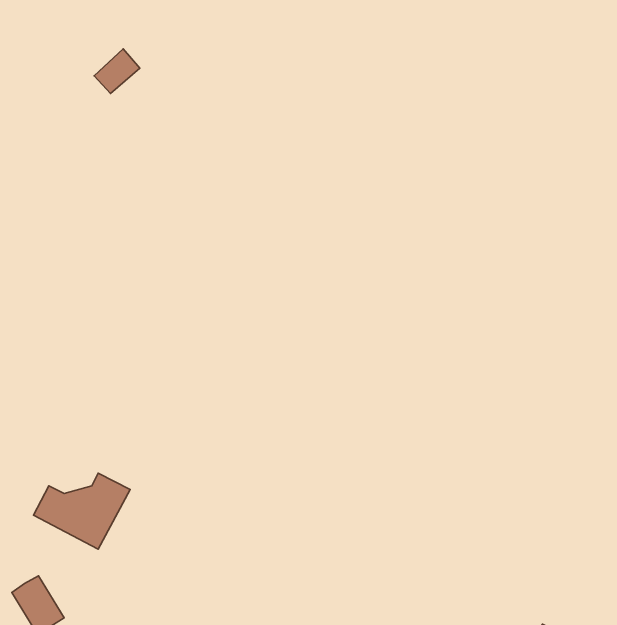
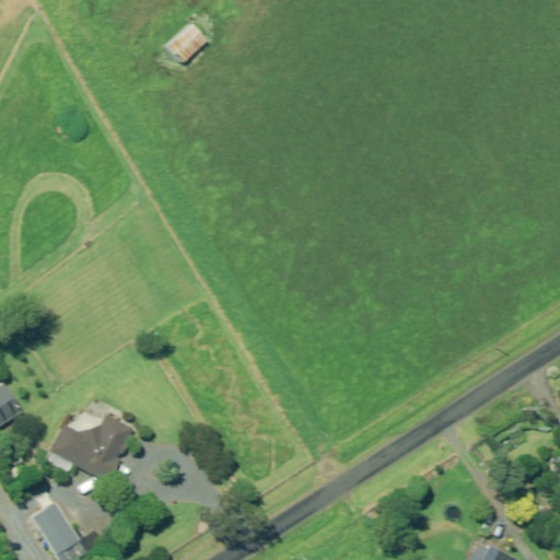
building: [94,49,140,93] -> [166,23,206,61]

